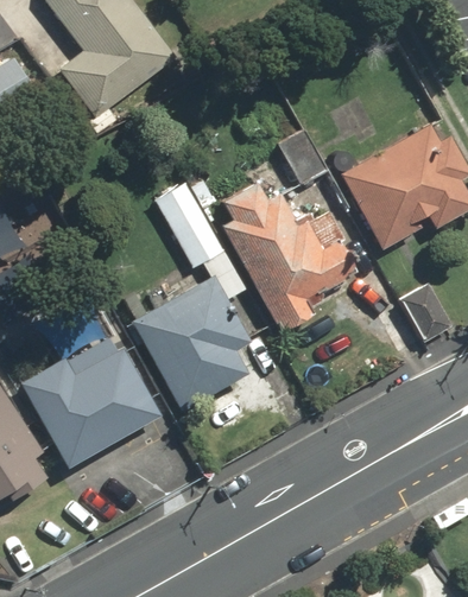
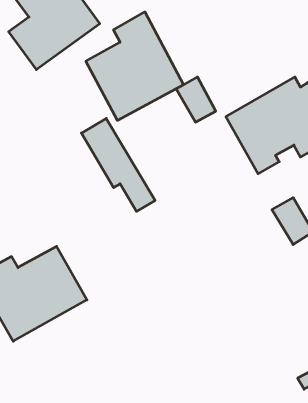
building: none -> [86,12,183,120]
building: [220,180,359,331] -> none
building: [128,274,249,409] -> none

